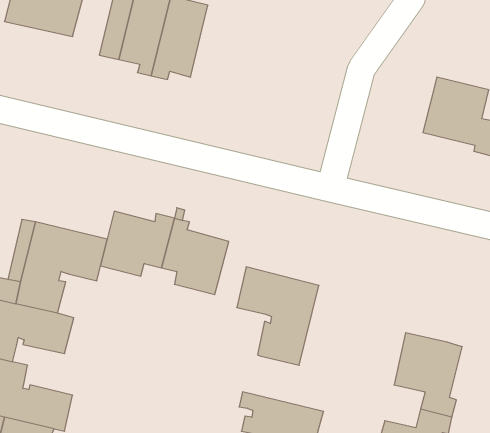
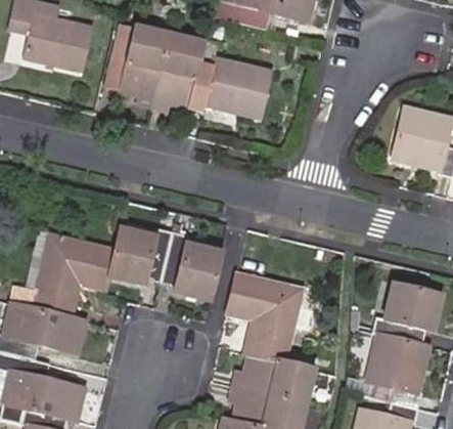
building: none -> [187,58,264,114]
building: none -> [371,285,440,341]
building: none -> [233,353,313,402]

